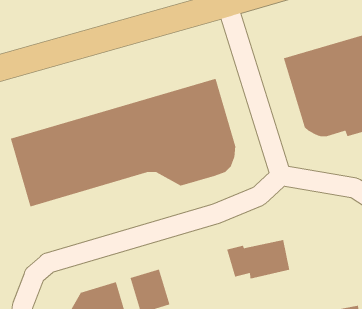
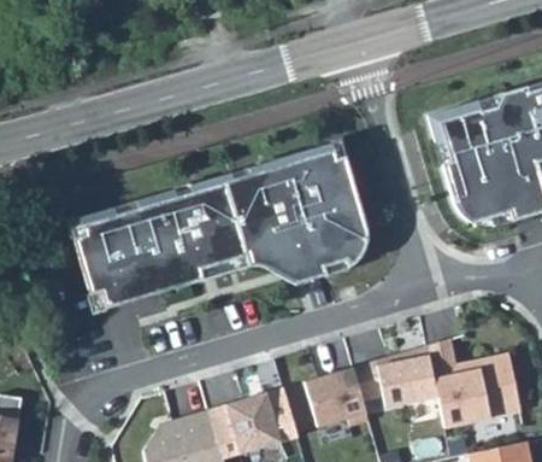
building: none -> [426,341,522,429]
building: none -> [304,368,369,427]

